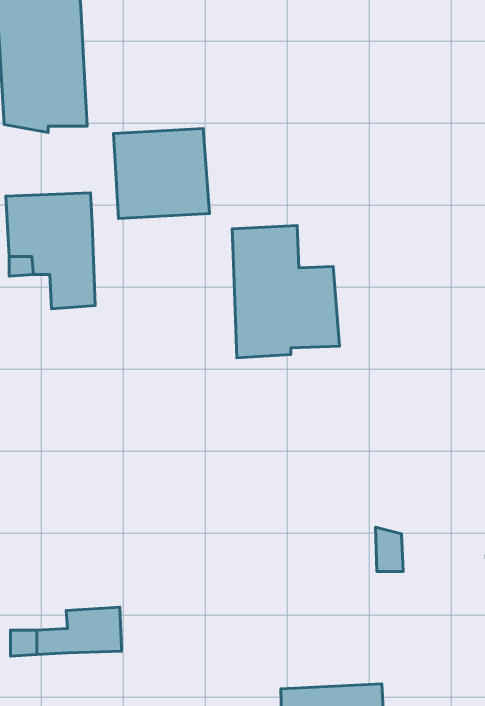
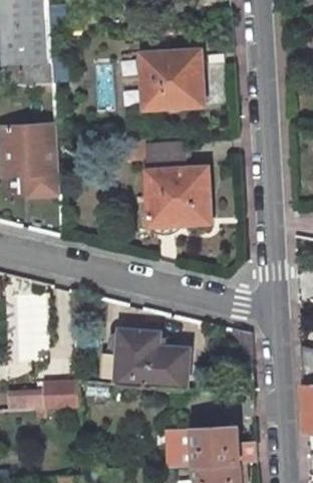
building: [113,129,210,218] -> [143,56,203,111]
building: none -> [110,328,184,387]

